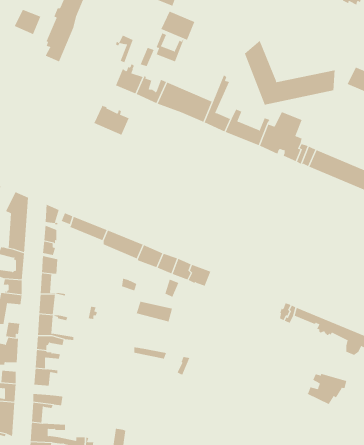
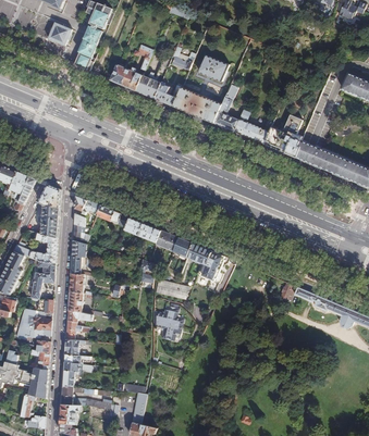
building: [161,11,195,40] -> [198,55,229,82]
building: [244,40,335,105] -> none
building: [94,105,129,135] -> [111,63,143,90]
building: [307,373,347,405] -> none

